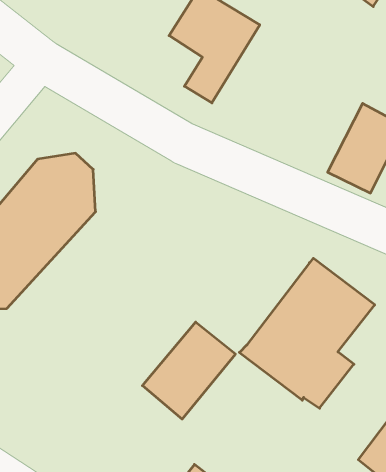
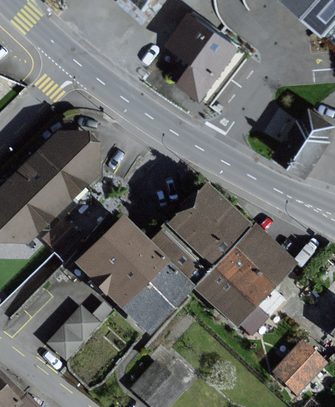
building: none -> [156,185,252,282]
building: none -> [80,217,168,304]
building: none -> [49,309,95,358]

